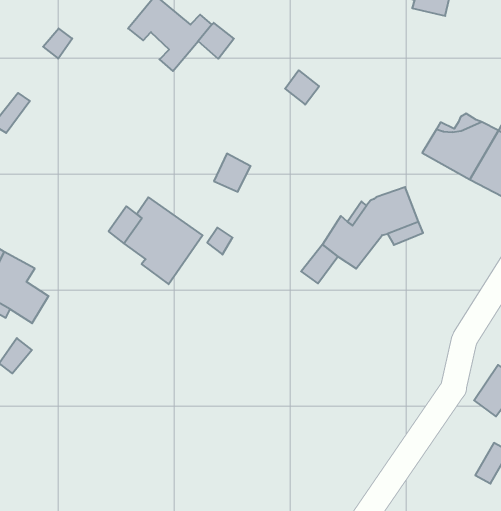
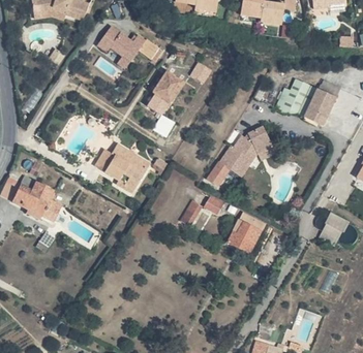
building: none -> [151,71,182,107]
building: none -> [182,196,223,225]
building: none -> [229,215,264,253]

